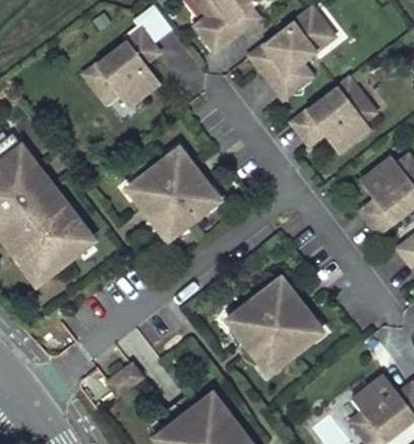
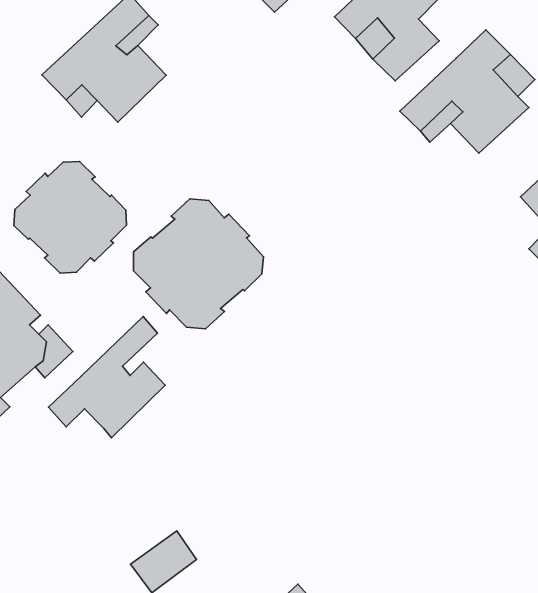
building: none -> [14,161,126,273]
building: none -> [48,317,165,438]
building: [235,290,313,368] -> none

